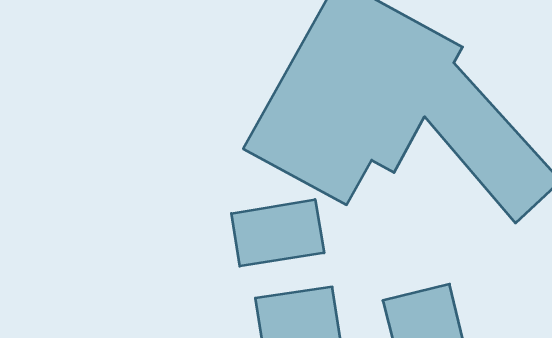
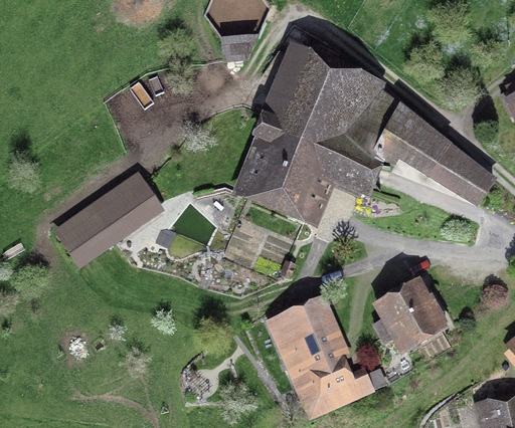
building: none -> [53,178,165,265]
building: [231,199,324,266] -> none

